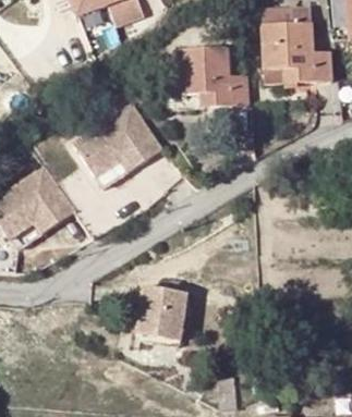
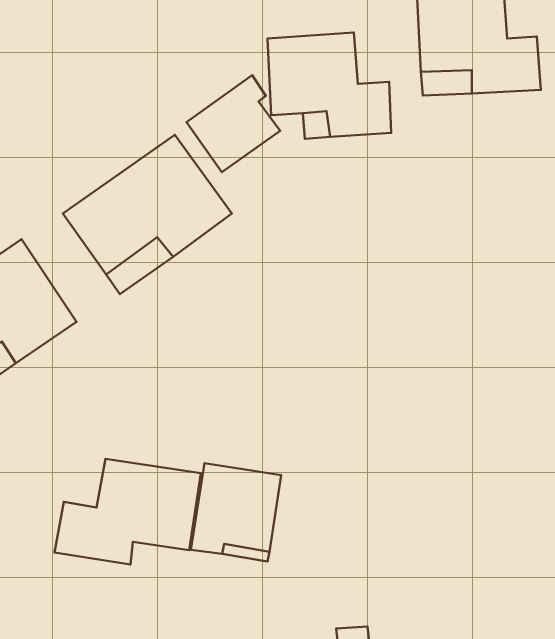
building: none -> [186,75,280,172]
building: none -> [55,459,201,565]

